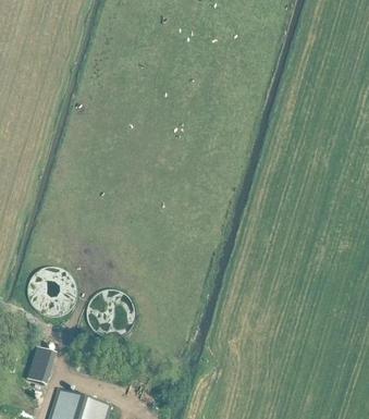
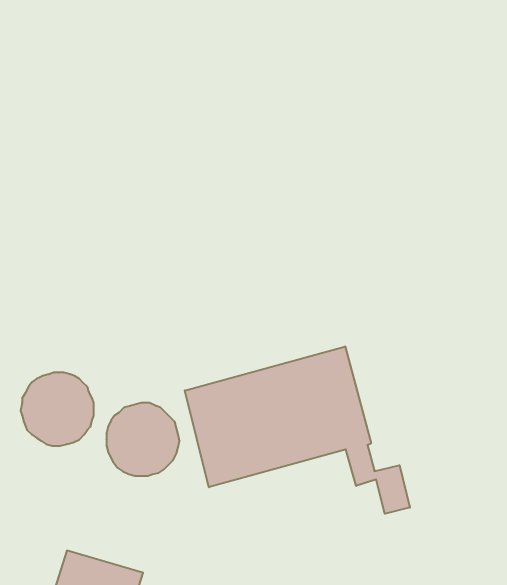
building: none -> [185,346,410,514]
building: [27,347,56,385] -> none

